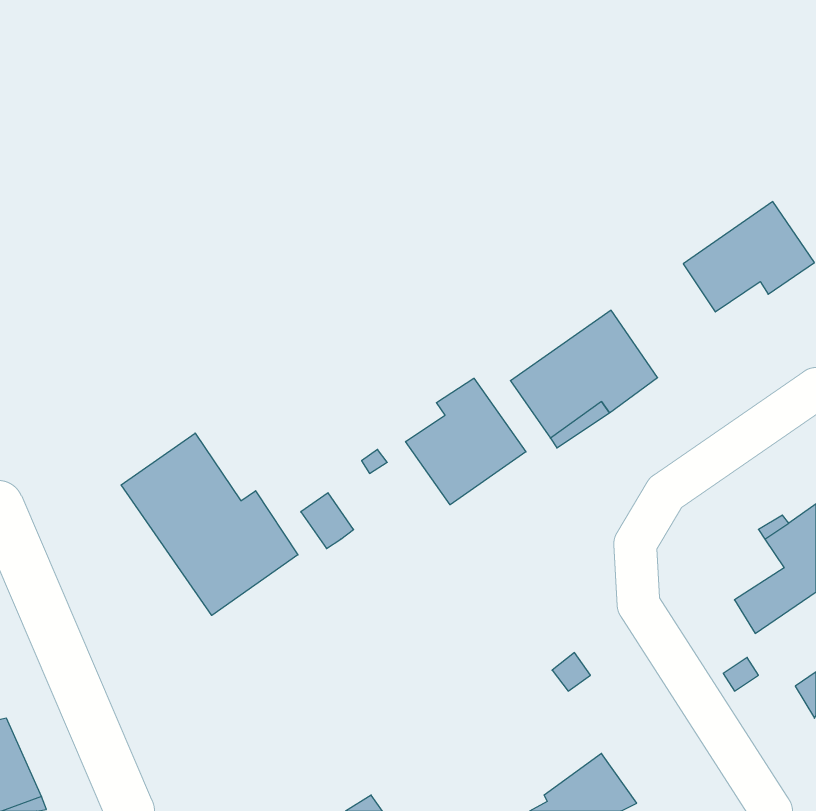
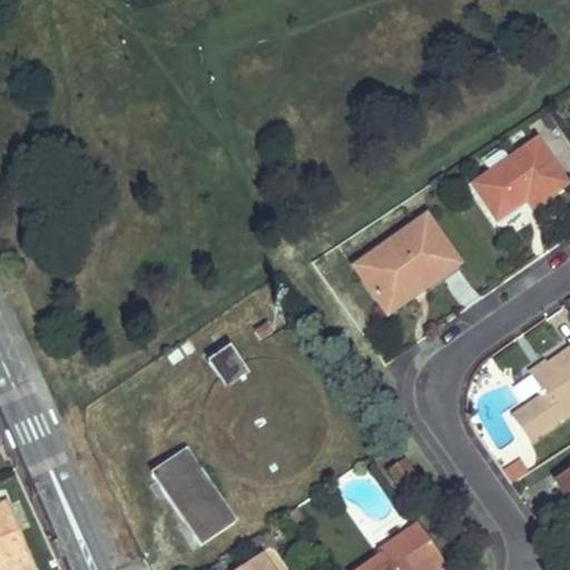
building: [406,378,526,505] -> none
building: [121,433,298,615] -> none
building: none -> [153,445,235,539]

